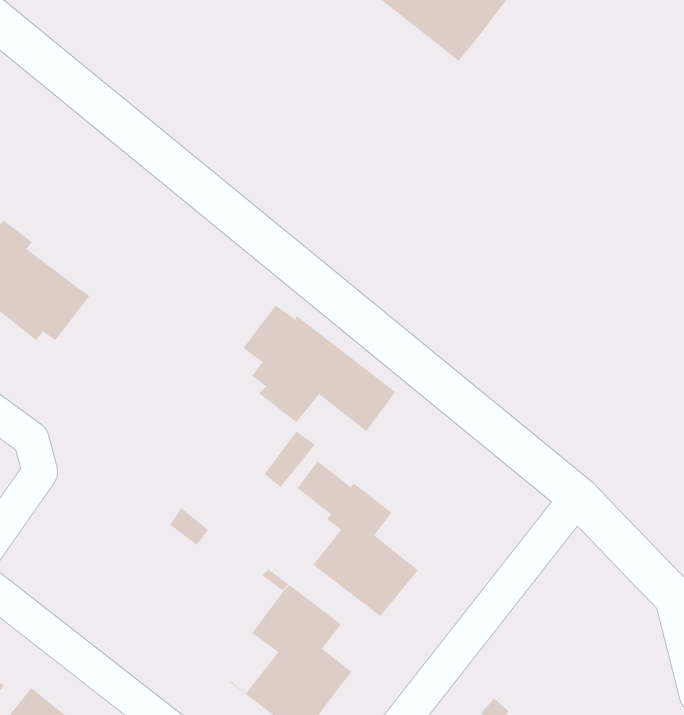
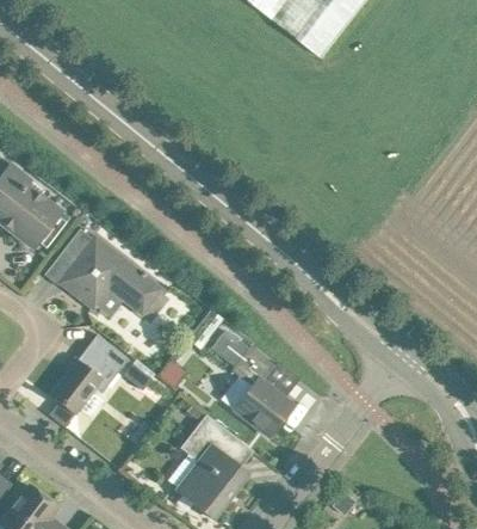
building: [242,304,396,432] -> [57,228,162,315]
building: none -> [50,334,129,414]

